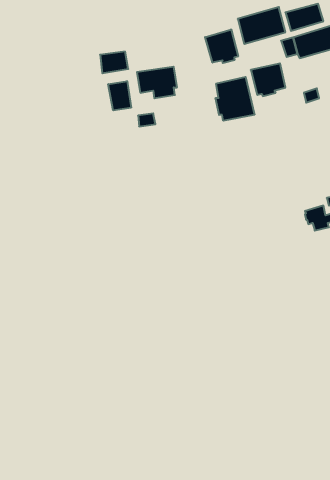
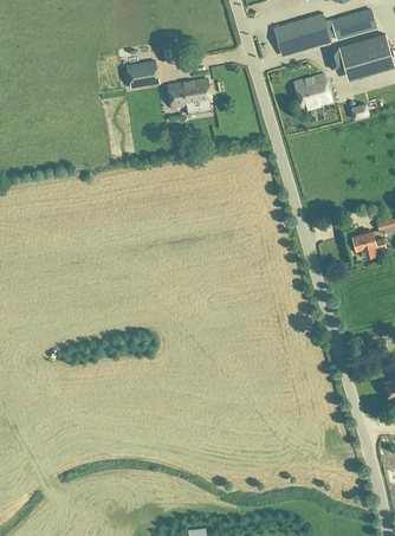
building: [205,29,238,63] -> none
building: [216,77,254,121] -> none
building: [108,81,131,110] -> none

